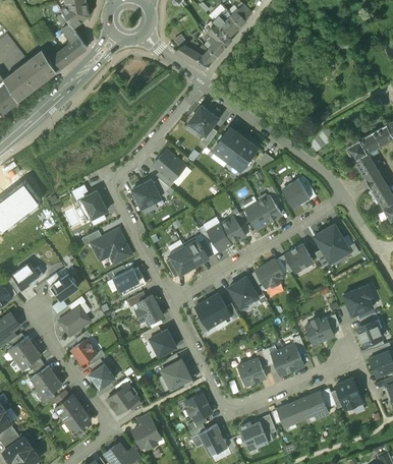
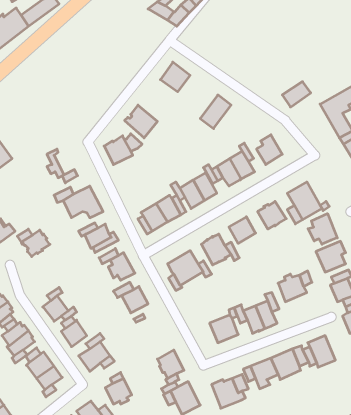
building: [213,127,245,162] -> none
building: [82,190,107,218] -> none
building: none -> [308,214,337,244]
building: [59,305,90,335] -> none
building: [162,358,191,388] -> none

